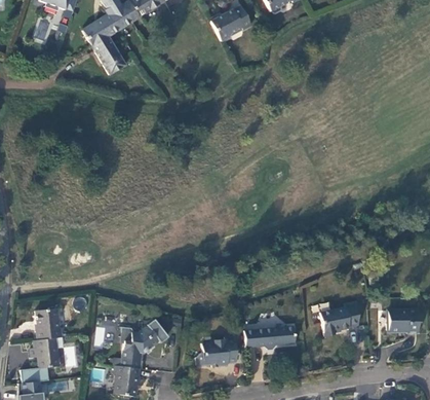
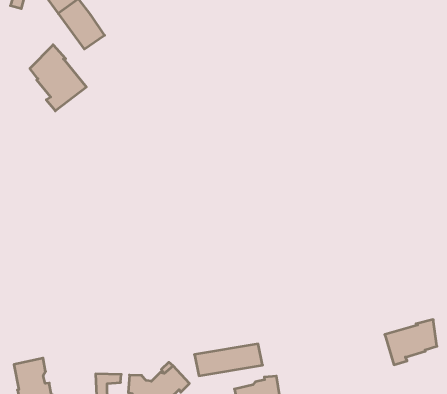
building: none -> [30,45,86,111]
building: [243,326,295,347] -> [194,344,263,376]

